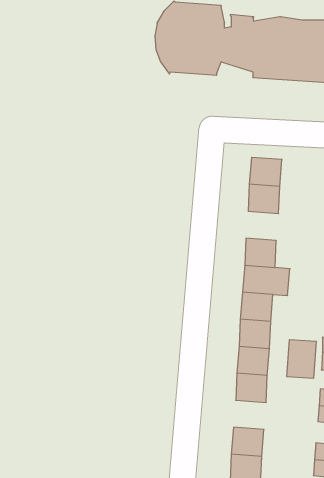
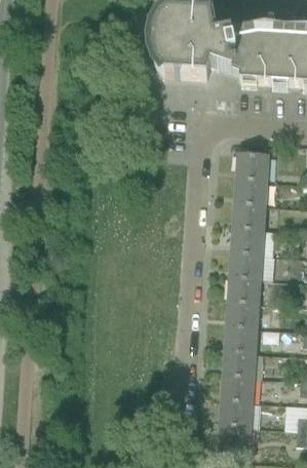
building: none -> [234,199,264,226]
building: [287,340,316,378] -> none
building: none -> [223,372,253,398]

